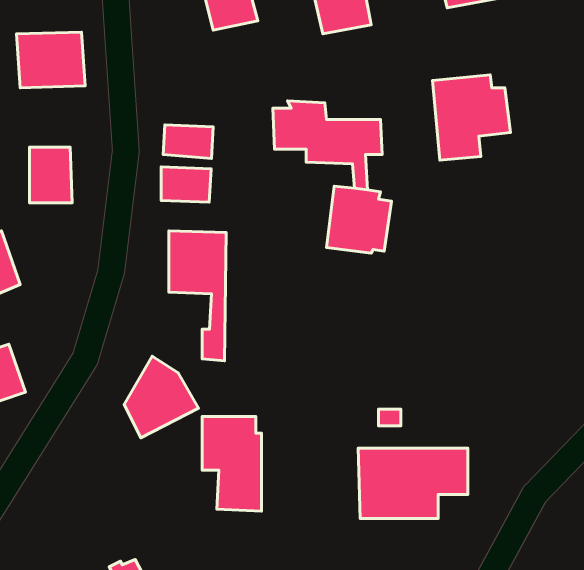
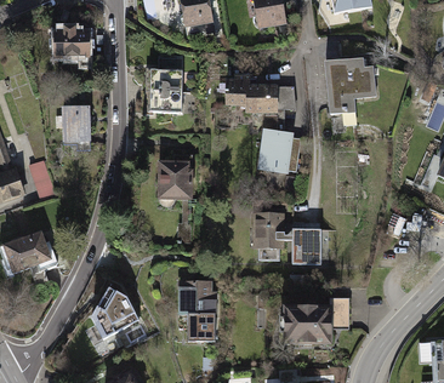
building: [161,167,211,202] -> [150,67,183,90]
building: none -> [255,213,323,265]
building: [124,356,198,438] -> [87,285,136,338]

